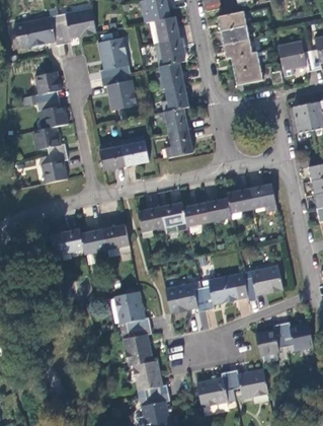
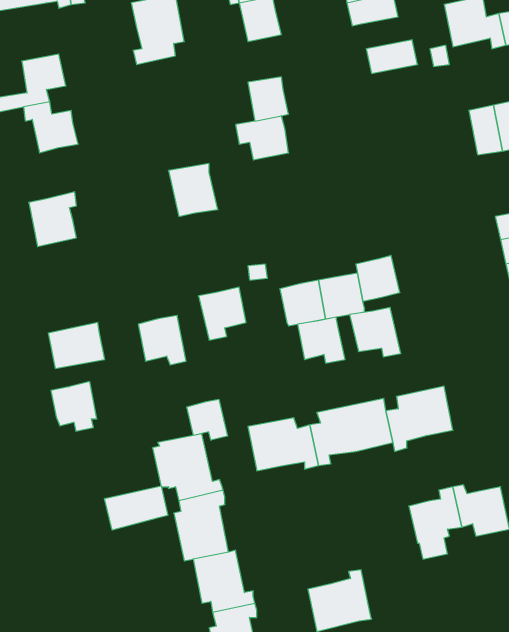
building: [230,51,259,70] -> none
building: [158,63,184,90] -> none
building: [101,74,137,111] -> none
building: [33,127,66,156] -> none
building: [165,130,193,158] -> none
building: [98,140,126,171] -> none
building: [247,185,276,213] -> [350,308,401,357]
building: [160,203,187,229] -> [297,317,345,363]
building: [80,228,106,257] -> [51,382,97,431]
building: none -> [187,399,228,440]
building: none -> [105,486,168,530]
building: [230,366,269,396] -> none

